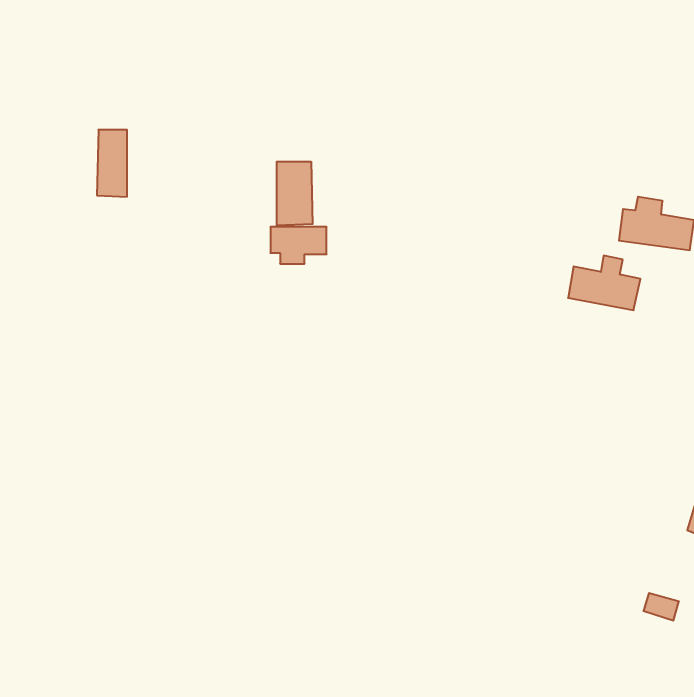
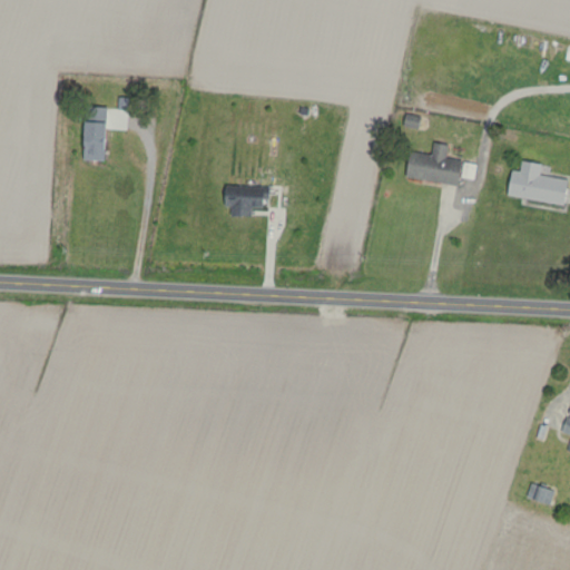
building: [277,162,313,225] -> none
building: [568,256,640,310] -> [405,142,464,187]

